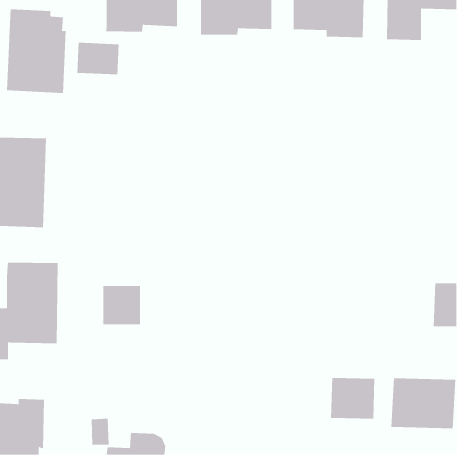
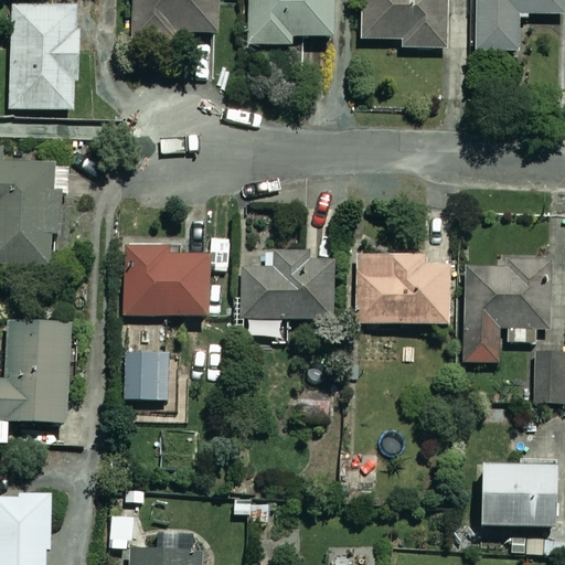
building: [77,42,119,75] -> none
building: none -> [122,243,210,317]
building: none -> [239,248,334,319]
building: none -> [354,253,450,324]
building: none -> [462,256,552,361]
building: [331,377,375,420] -> none

